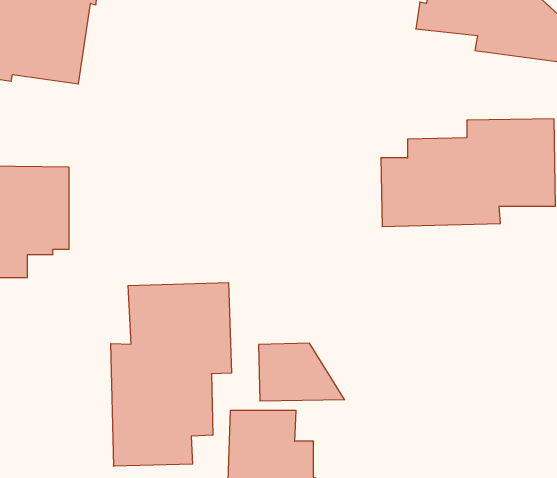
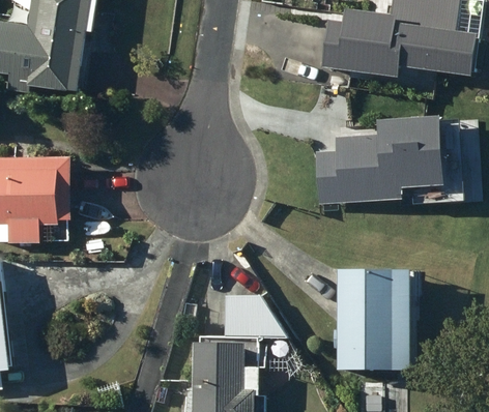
building: [111,283,231,466] -> none
building: none -> [333,272,418,372]

